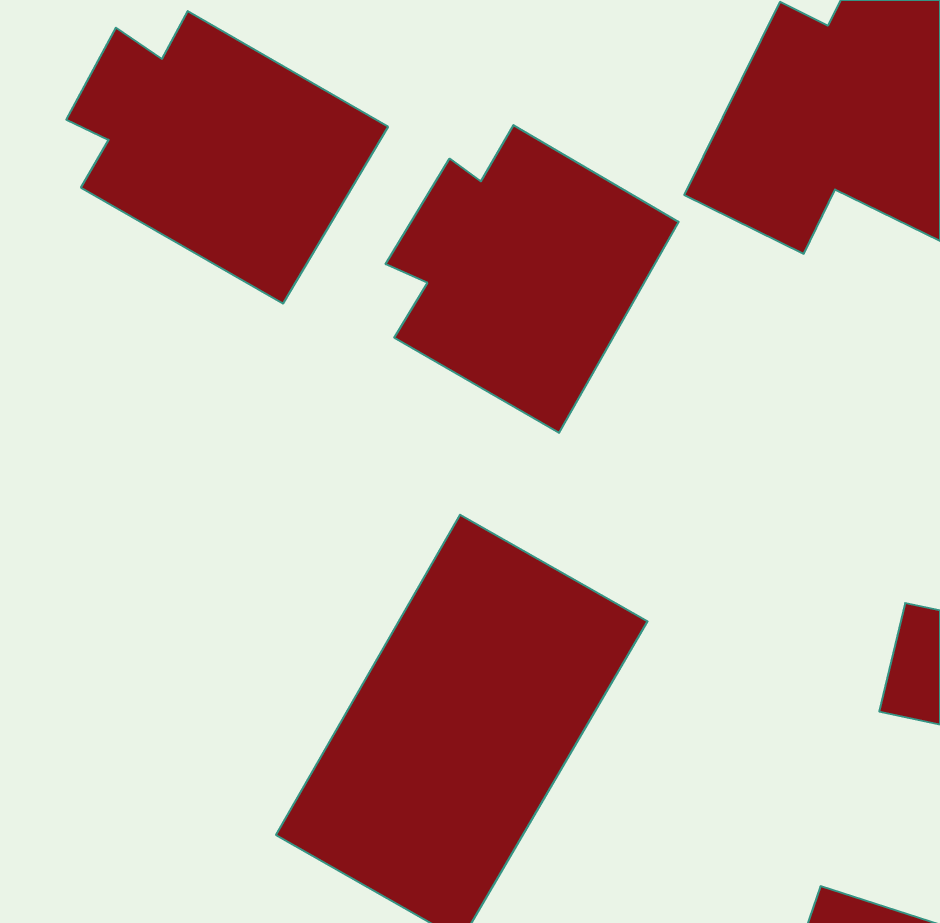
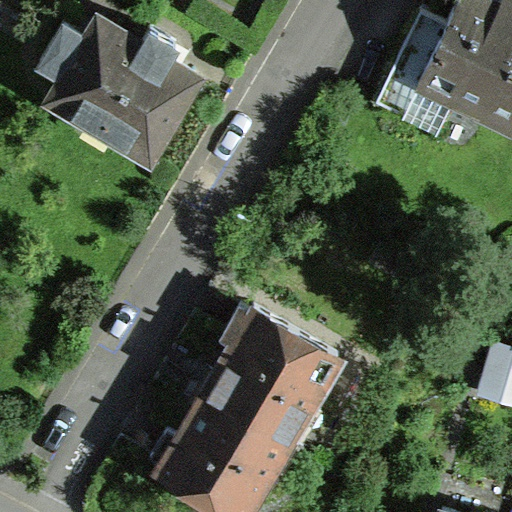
building: [386,125,679,433] -> none

